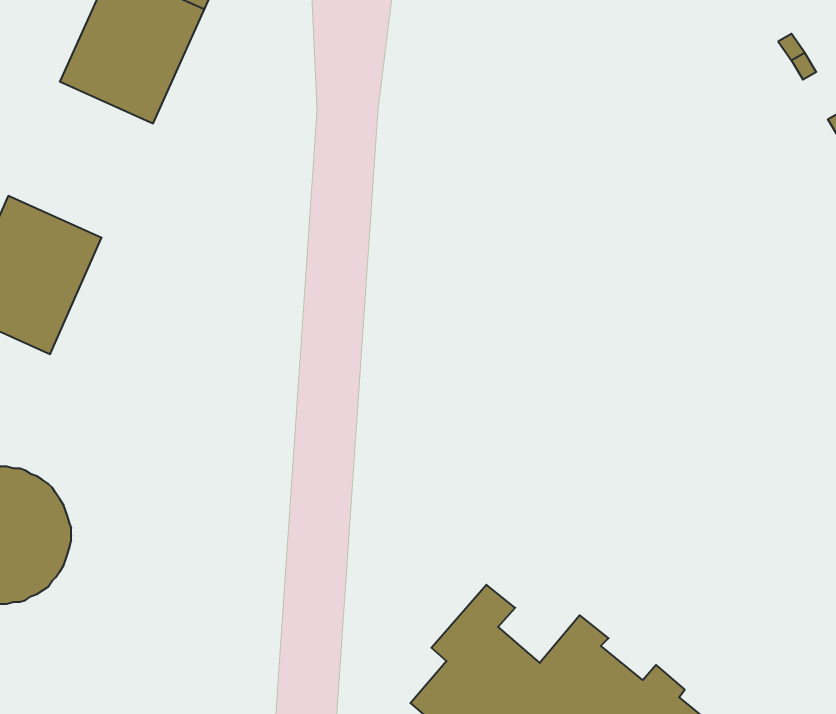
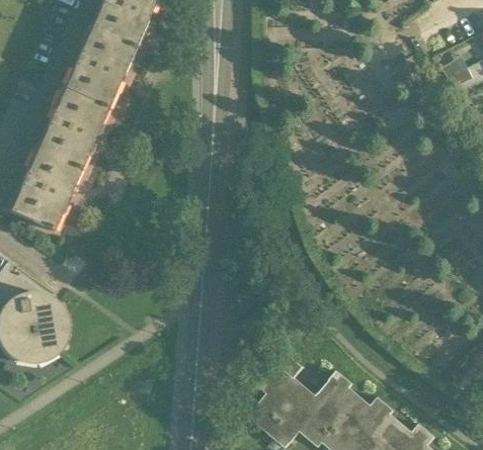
building: none -> [35,88,112,171]

